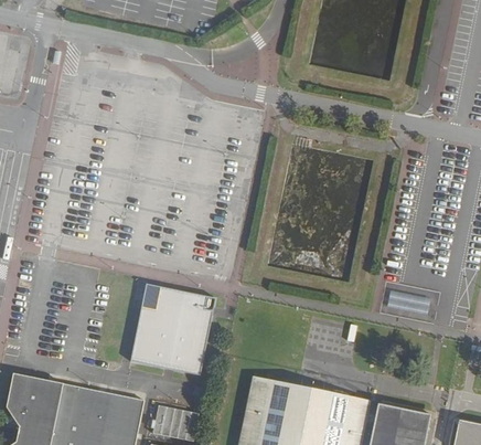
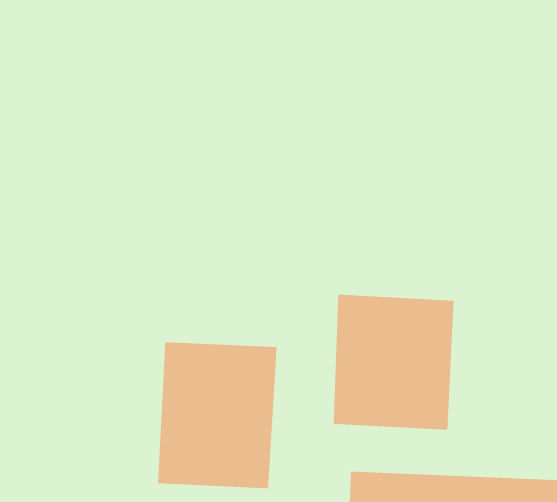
building: none -> [333,294,454,430]

